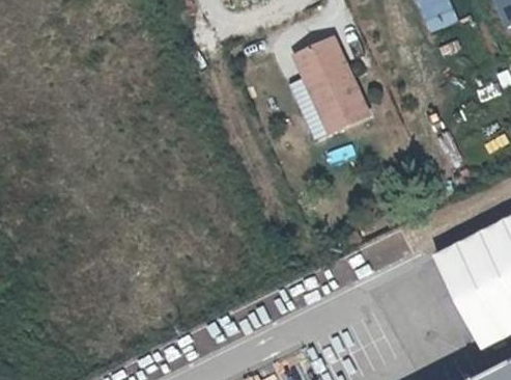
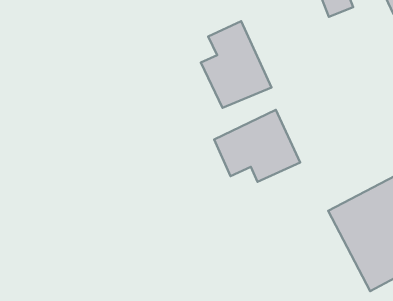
building: none -> [214,110,300,182]

